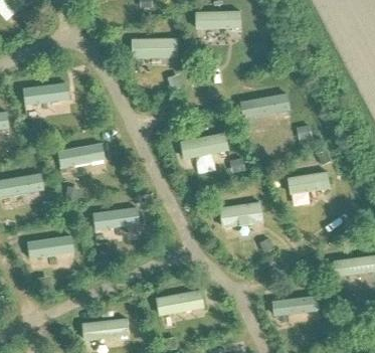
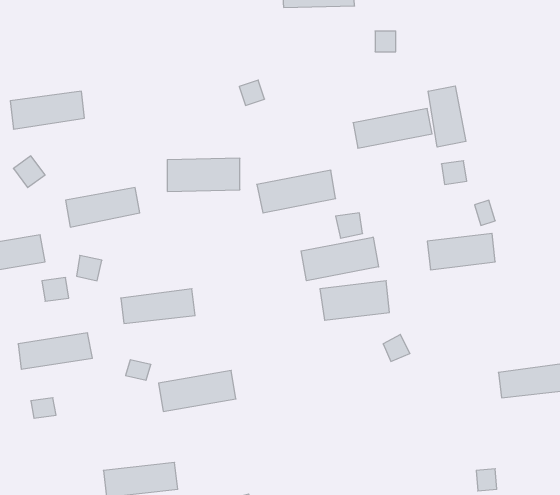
building: [132,38,178,59] -> [167,158,240,191]
building: none -> [428,86,466,147]
building: none -> [301,237,379,281]
building: [156,290,205,316] -> [159,370,236,411]
building: [271,296,319,316] -> none

